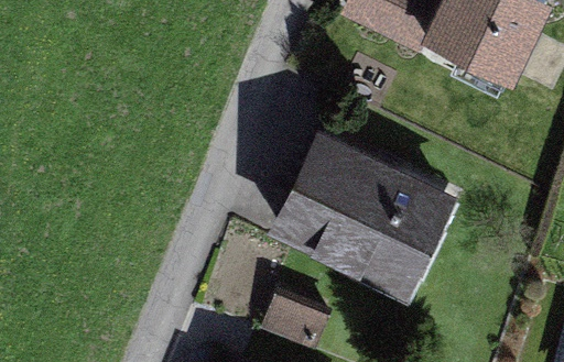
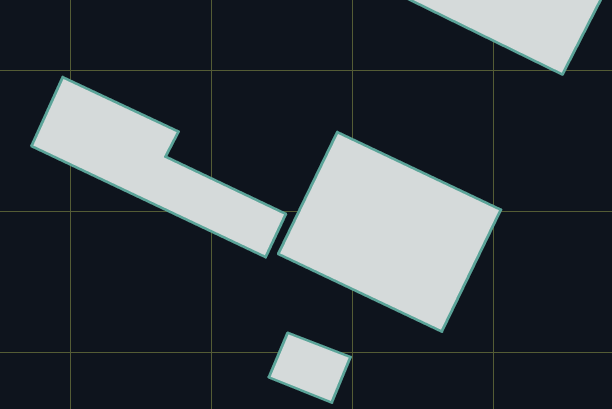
building: none -> [32,77,286,257]

